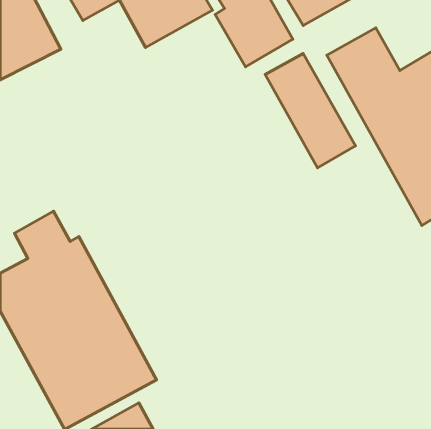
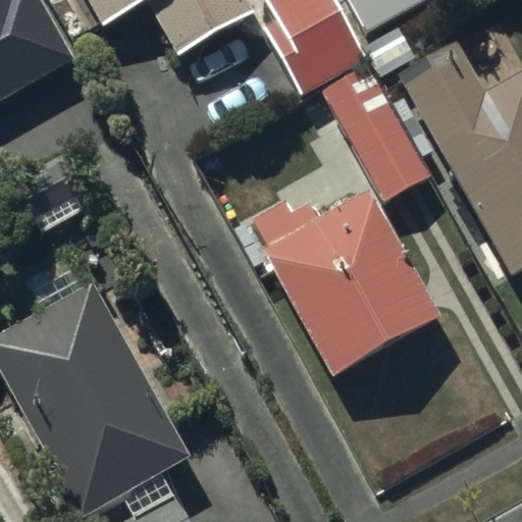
building: none -> [254,191,438,378]

